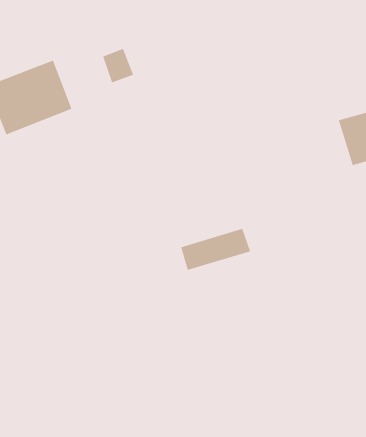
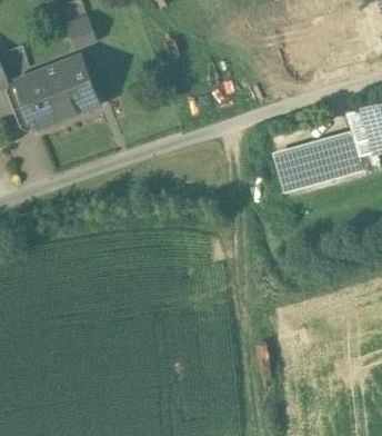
building: [102,48,134,83] -> [67,16,97,49]
building: [180,228,251,271] -> [289,139,355,179]

